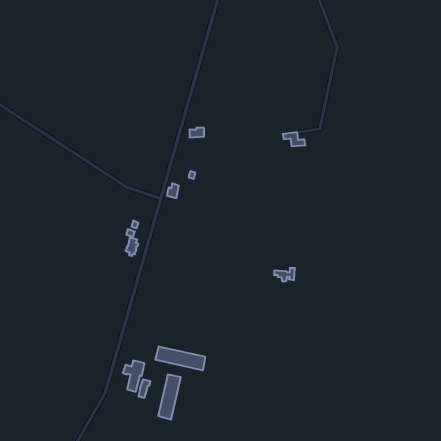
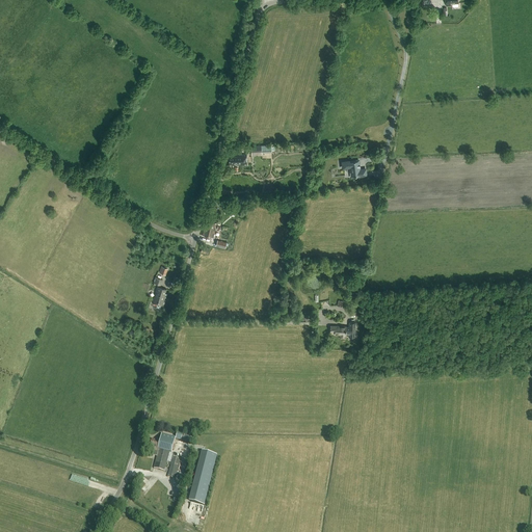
building: [155,346,205,370] -> none

